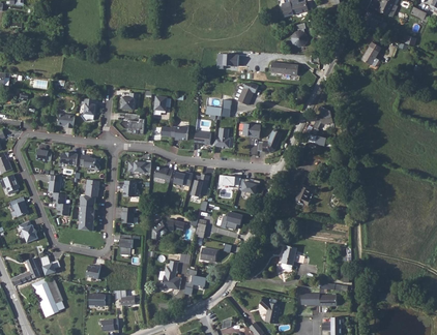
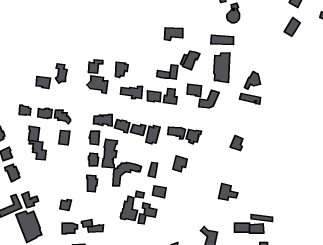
building: none -> [214,53,230,83]
building: [77,194,95,230] -> [102,139,118,168]

